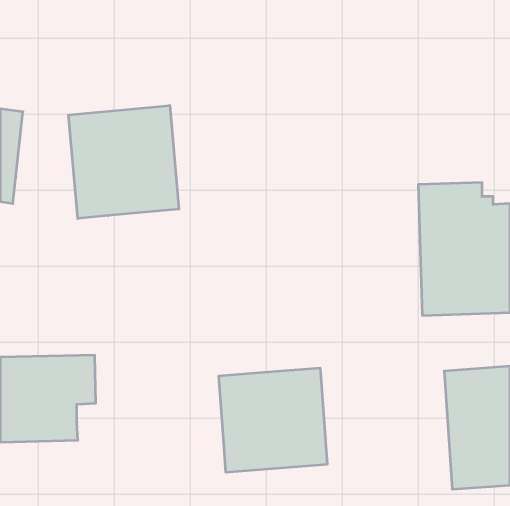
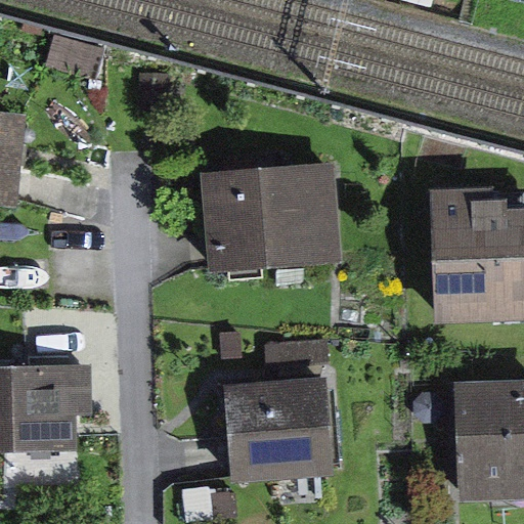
building: [69,105,179,219] -> none
building: none -> [201,161,345,274]

